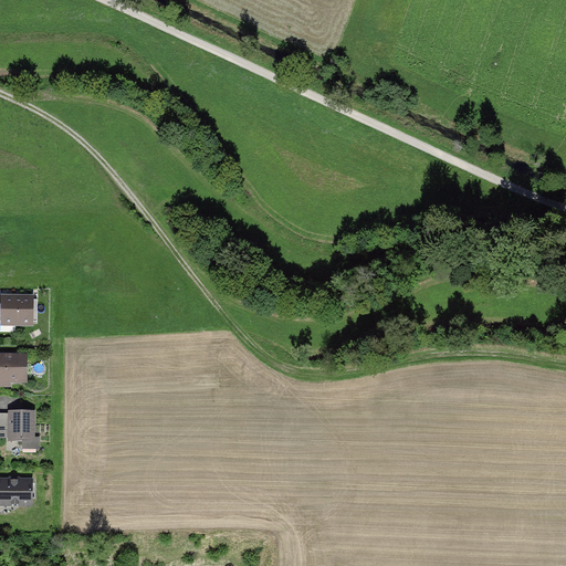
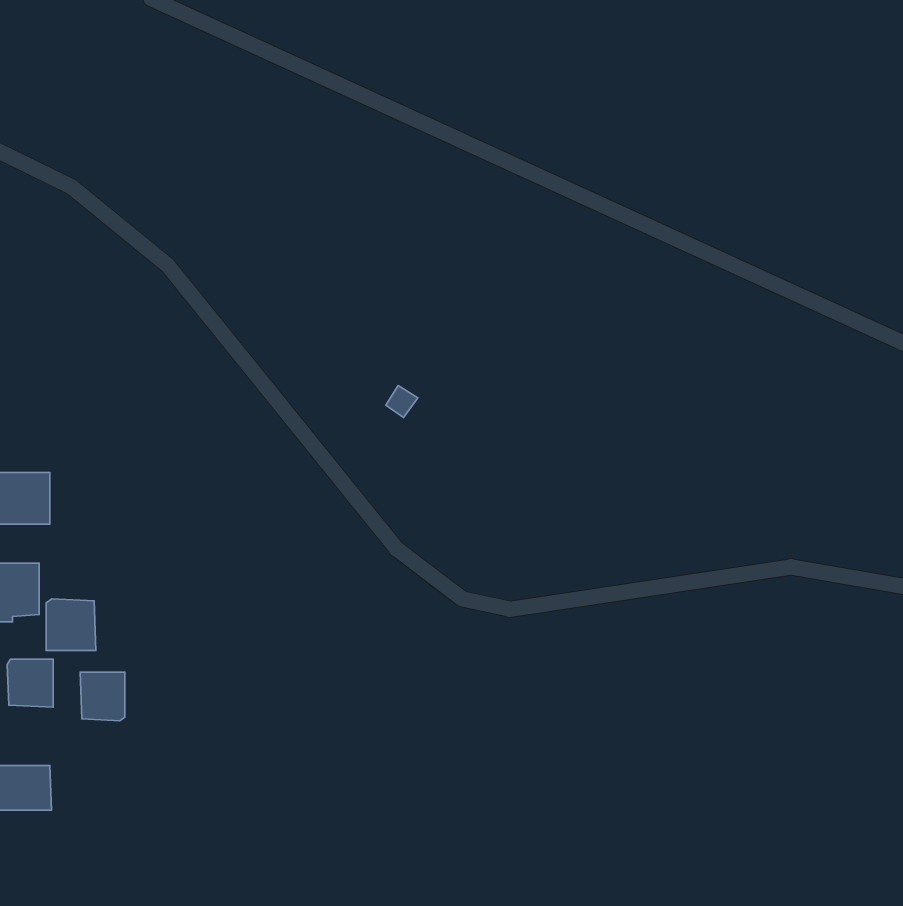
building: none -> [46,599,96,650]
building: none -> [80,672,125,721]

